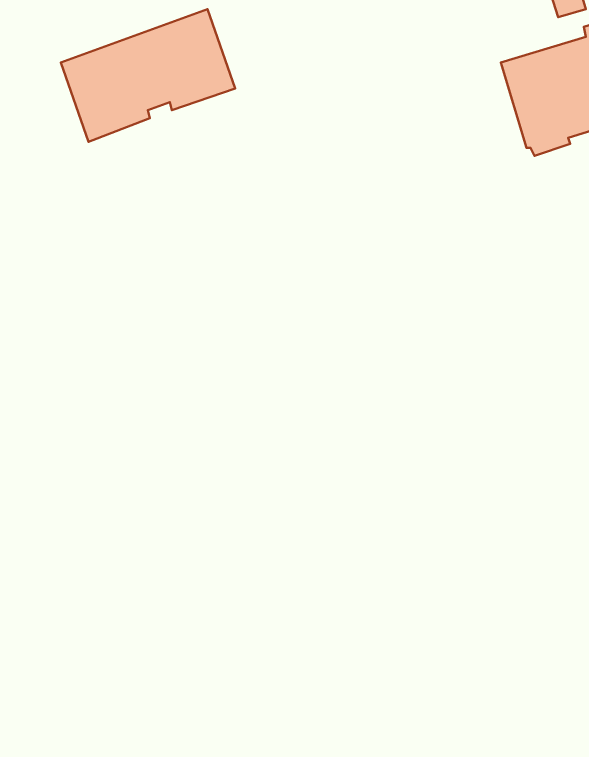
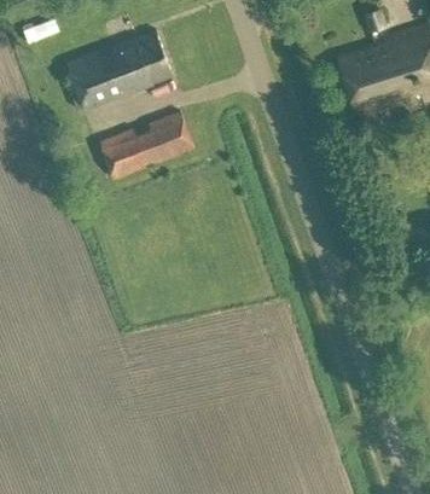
building: none -> [99,112,192,178]

